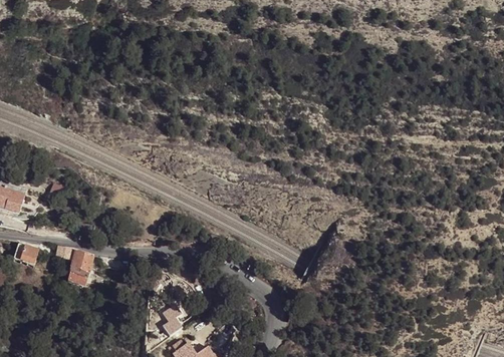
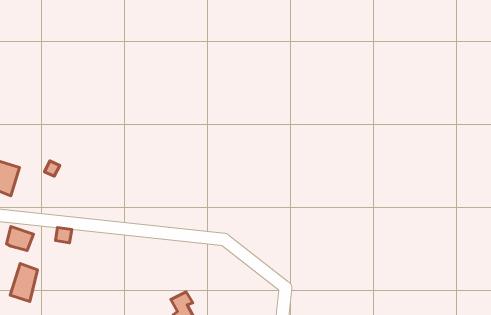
building: [66,251,91,286] -> [10,263,37,302]

